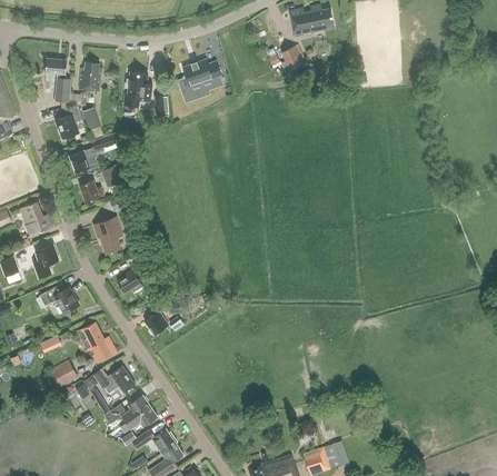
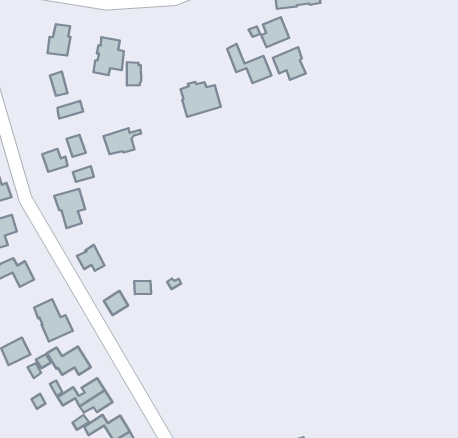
building: [46,59,71,102] -> none
building: [183,60,222,93] -> [181,82,221,117]
building: none -> [273,47,306,80]
building: none -> [227,44,271,83]
building: [57,106,82,138] -> none
building: [69,147,105,172] -> [103,128,141,154]

